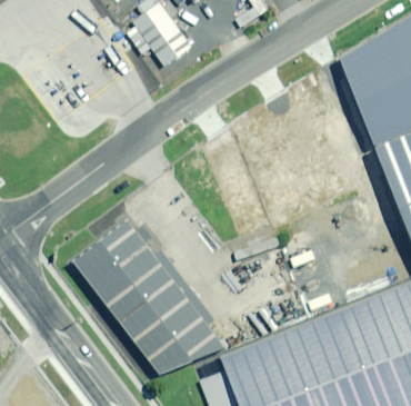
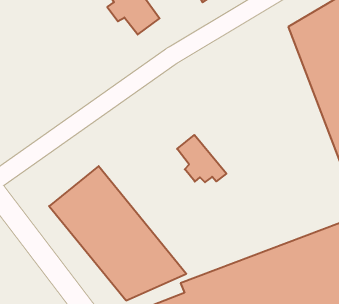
building: none -> [177,135,226,182]

